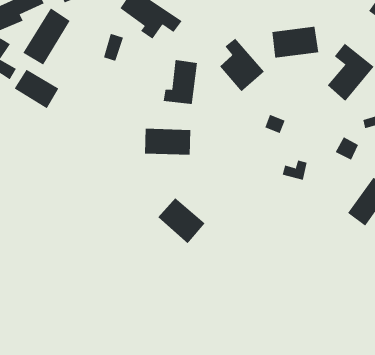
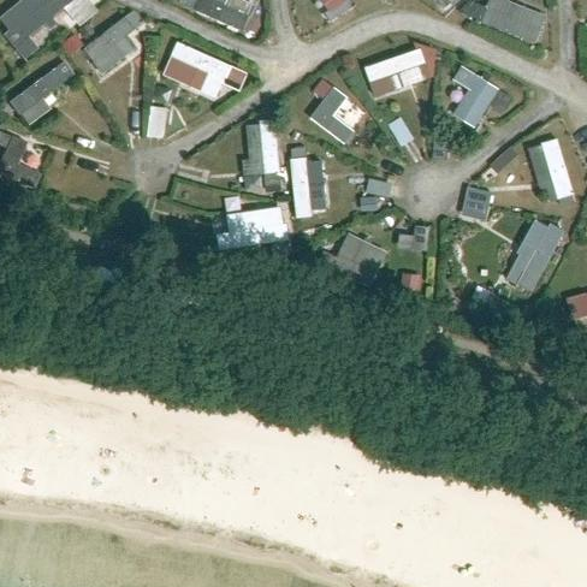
building: [22,7,71,65] -> none
building: [14,69,59,109] -> none
building: none -> [293,158,332,218]
building: [157,197,206,244] -> [320,230,383,286]

